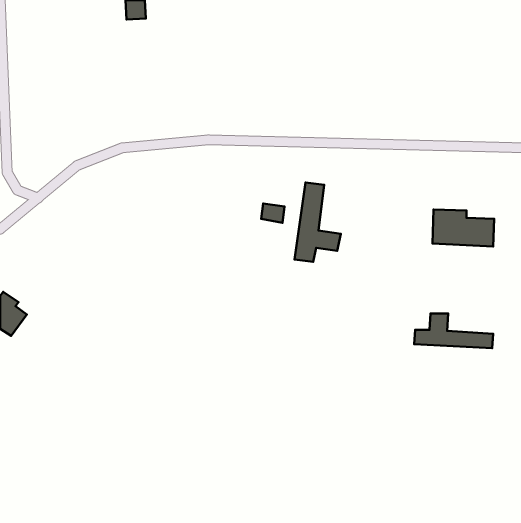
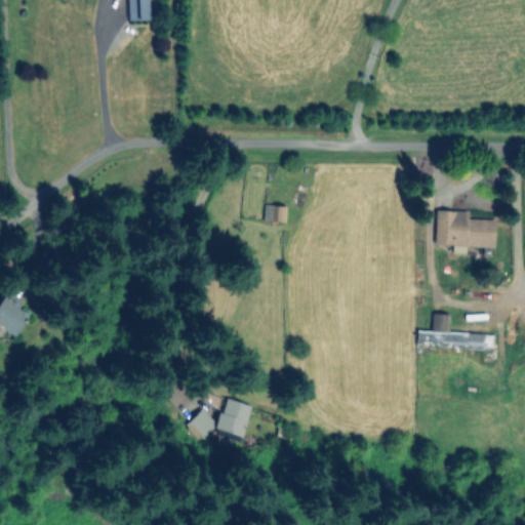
building: [295,182,341,262] -> none
building: none -> [191,399,252,441]

